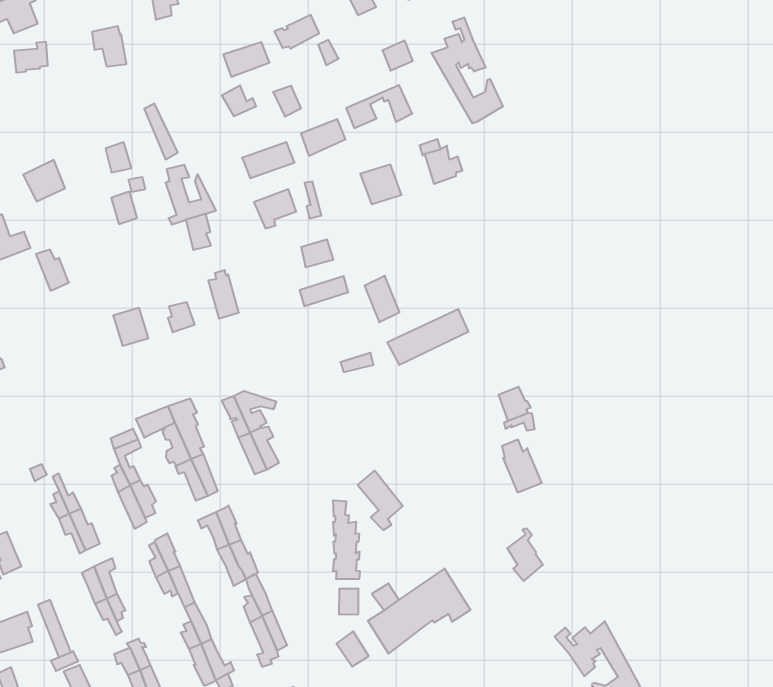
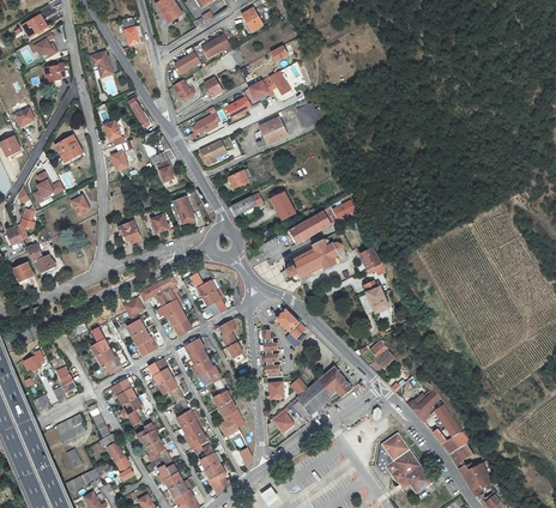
building: [431,17,503,123] -> none
building: none -> [285,231,348,282]
building: none -> [219,316,244,363]

